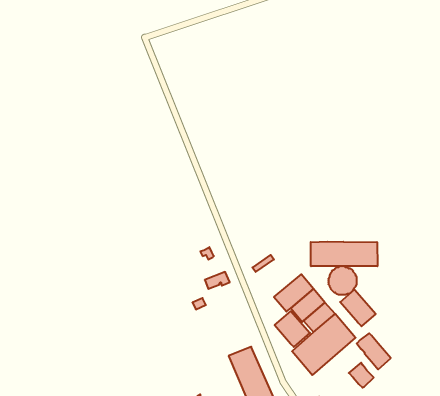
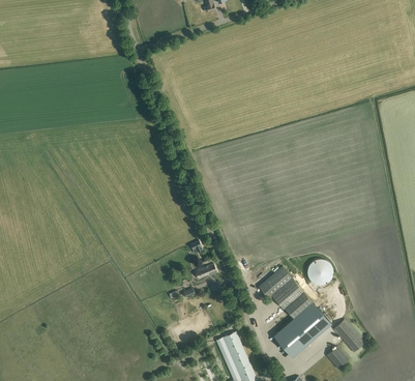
building: [311,242,377,266] -> none
building: [340,290,376,326] -> none
building: [275,311,310,347] -> none

